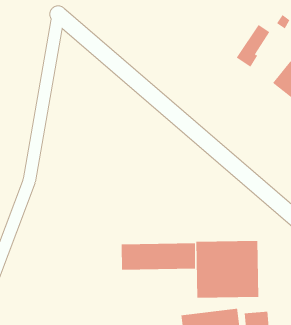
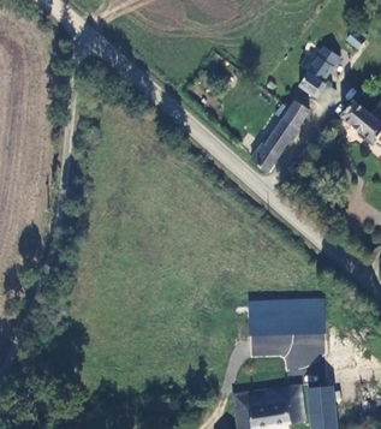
building: none -> [248,99,309,174]
building: [121,243,196,270] -> none

